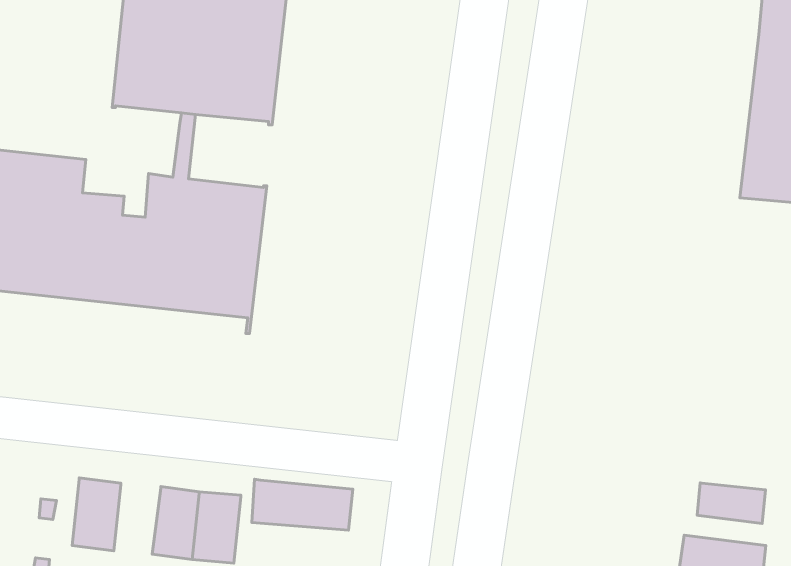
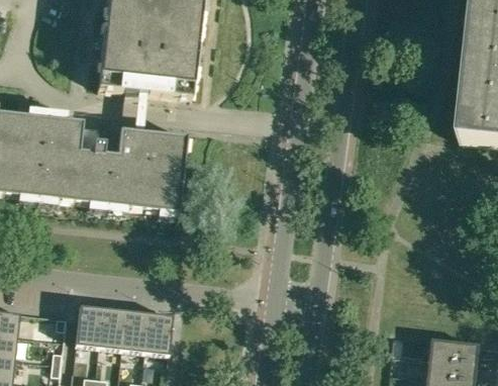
building: [252,479,353,530] -> none
building: [697,483,766,523] -> none
building: none -> [98,307,125,349]

